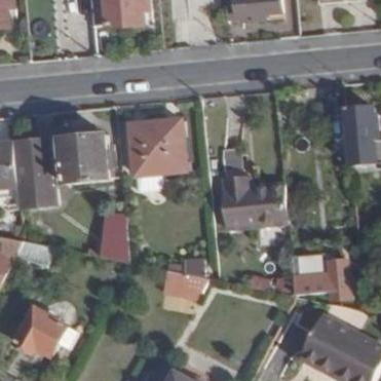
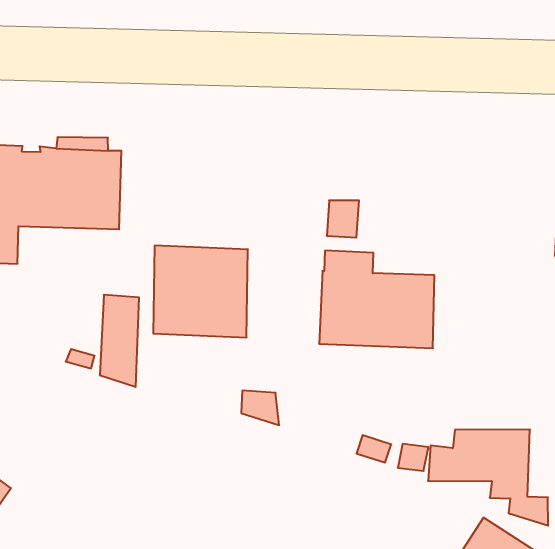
building: [128,120,185,173] -> [153,246,248,337]
building: [165,269,211,302] -> none

